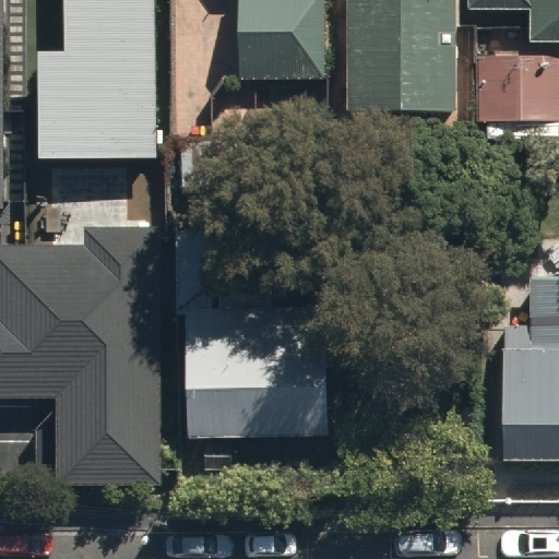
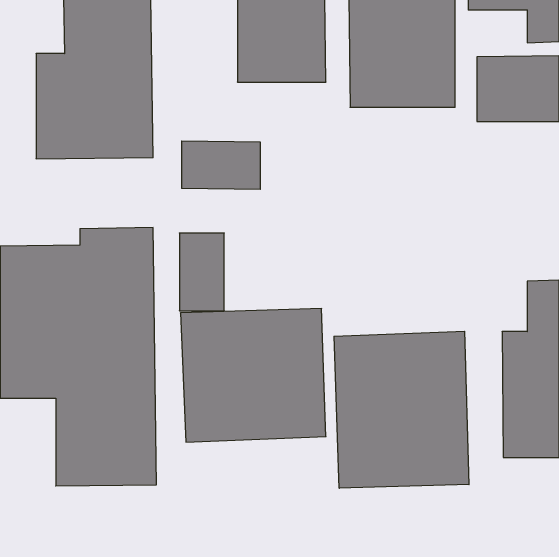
building: none -> [334,331,469,488]

